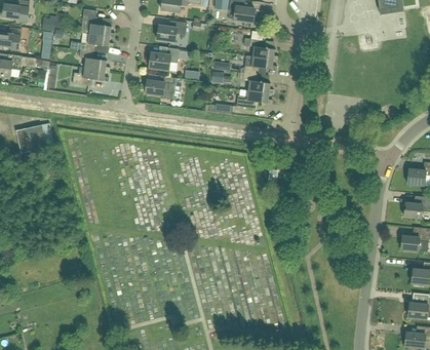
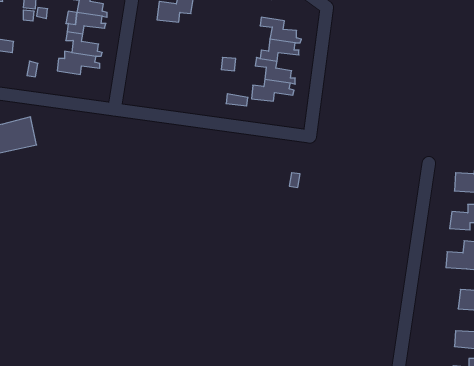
building: [149,46,188,70] -> none
building: [145,75,175,99] -> none

